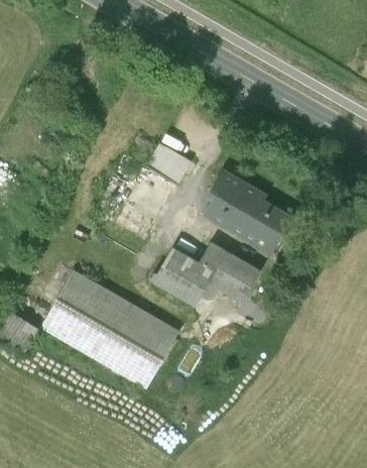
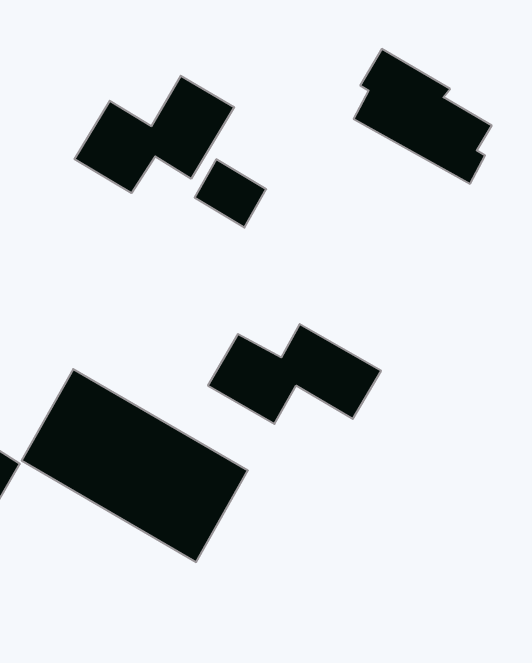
building: none -> [75,76,234,193]
building: [206,171,289,253] -> [354,49,492,184]

